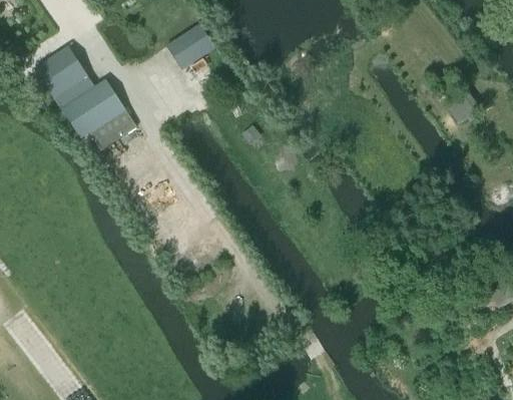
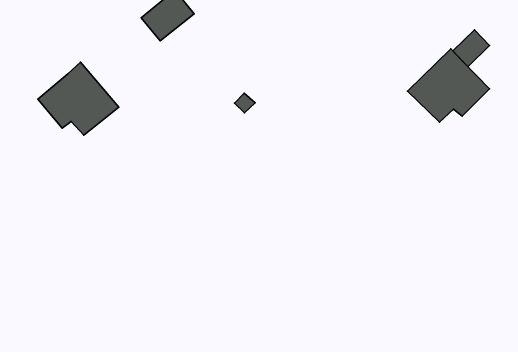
building: [37,49,92,108] -> none
building: none -> [407,49,490,122]

